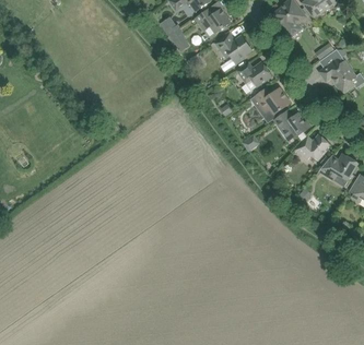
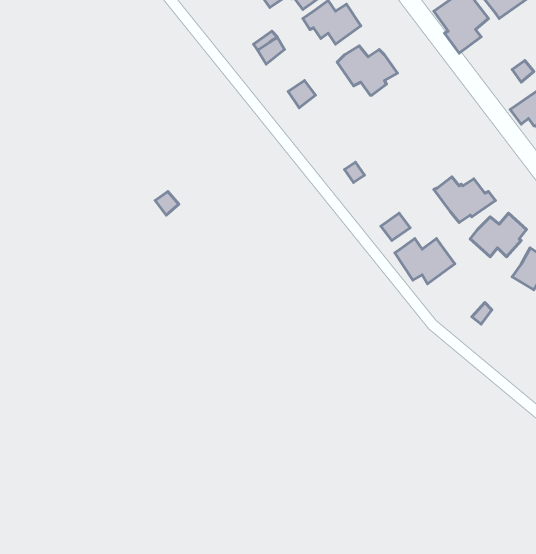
building: [237,62,271,91] -> none
building: [254,87,290,115] -> [395,238,455,284]

